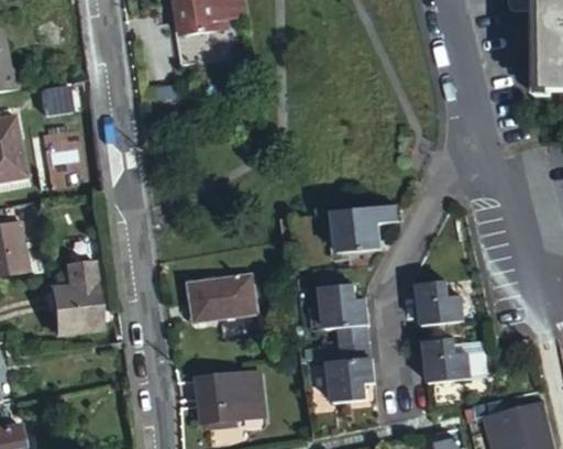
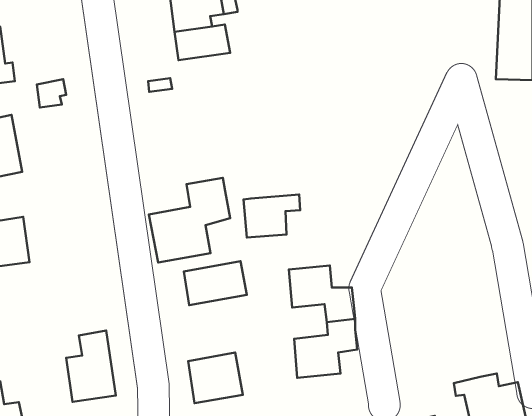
building: none -> [149,178,230,263]
building: [332,211,391,256] -> [244,194,300,237]
building: [54,259,106,333] -> [66,330,116,402]
building: [421,272,467,318] -> none
building: [428,330,473,395] -> none

